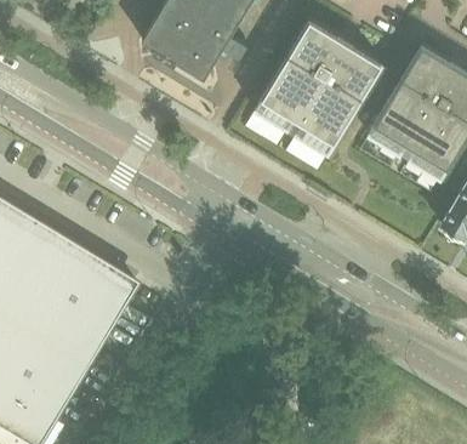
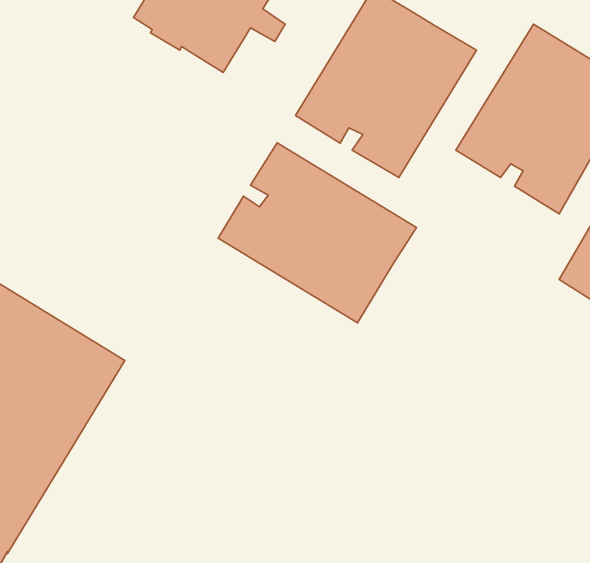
building: none -> [218,143,416,323]

